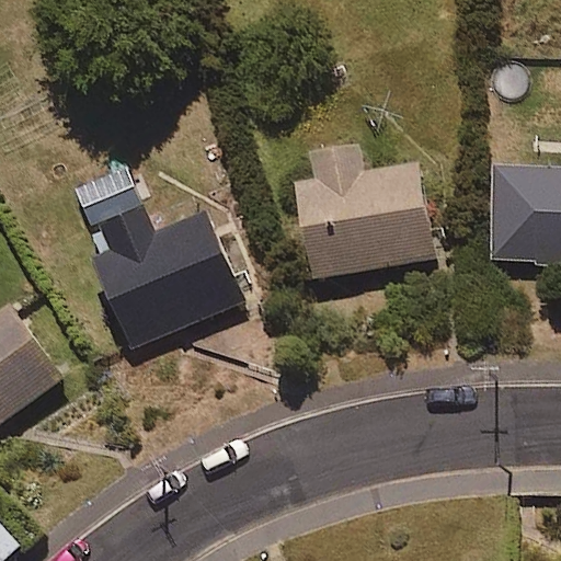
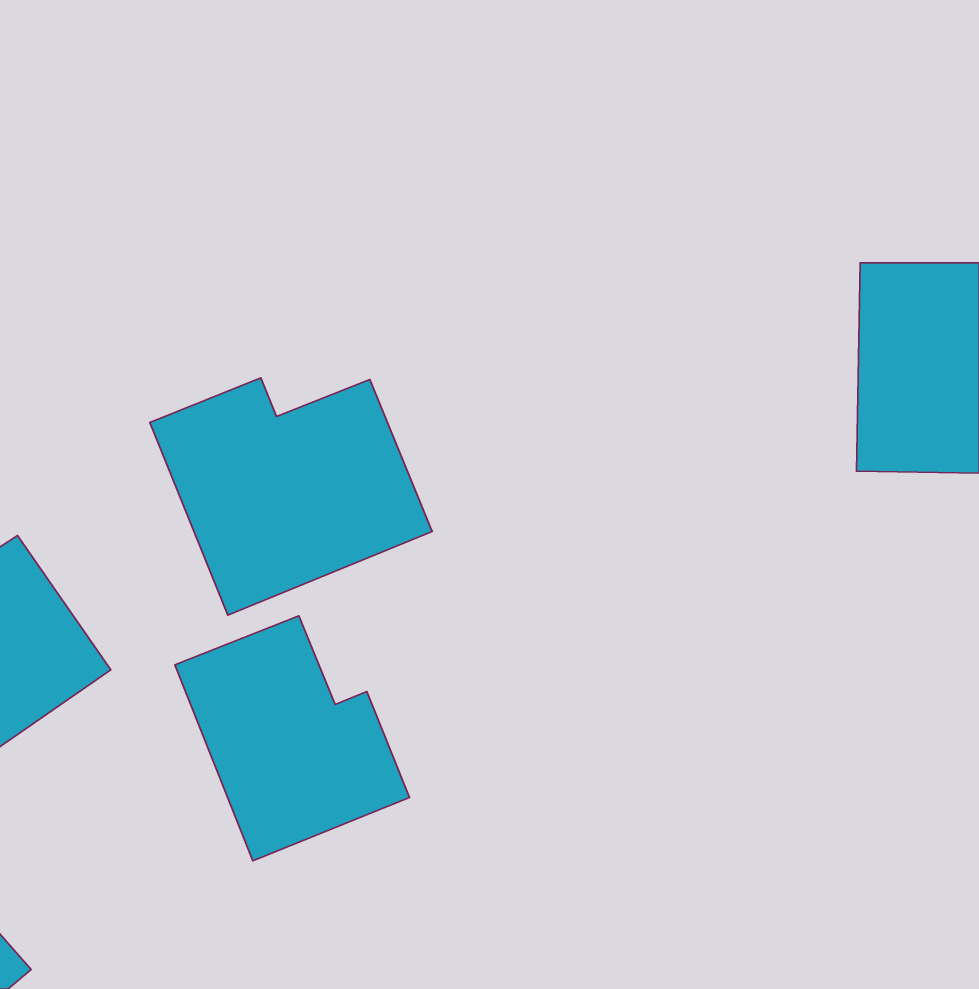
building: [299,148,436,277] -> none
building: none -> [175,616,410,861]

